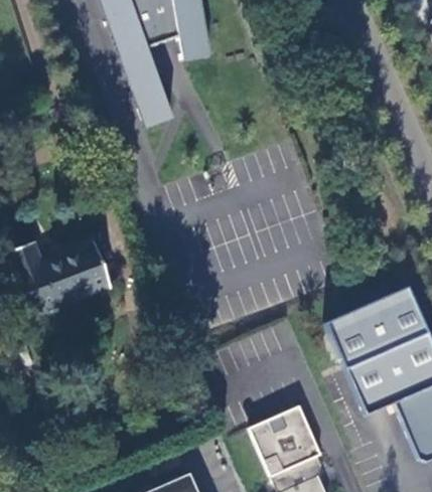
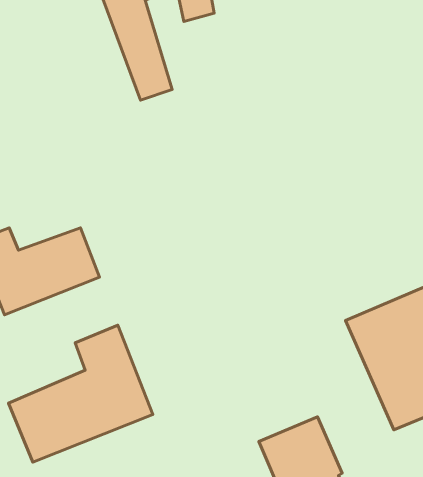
building: none -> [9,325,153,462]

